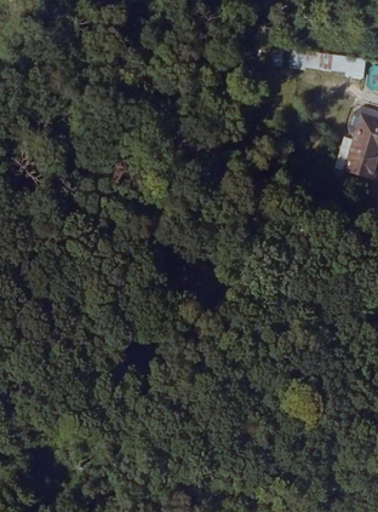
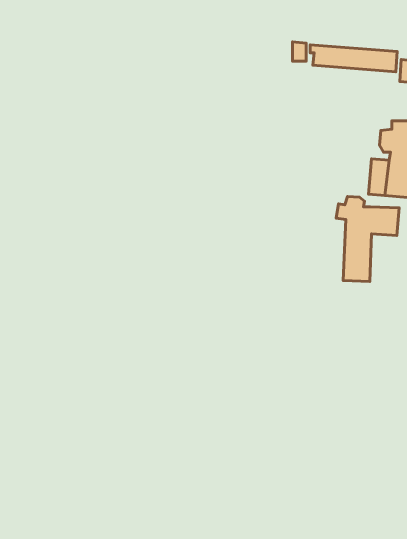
building: none -> [336,196,399,281]

